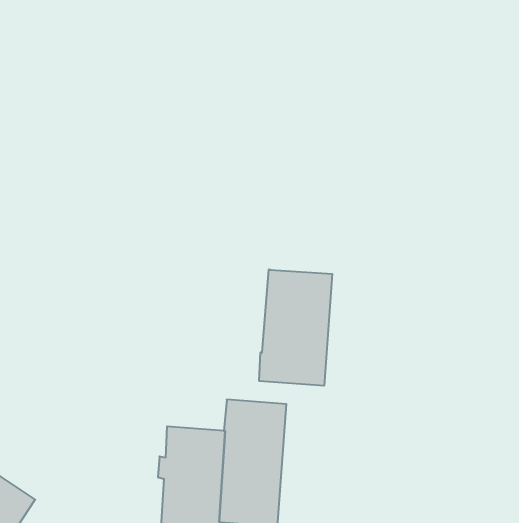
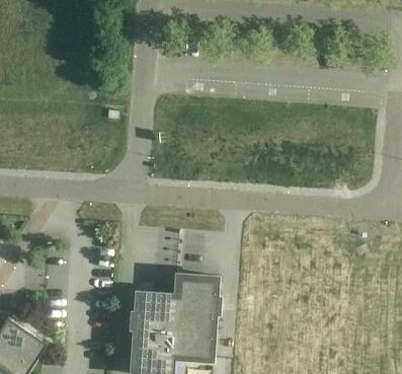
building: [259,269,332,386] -> none

